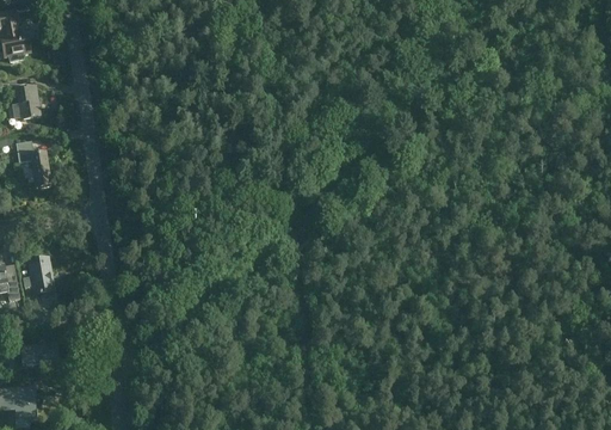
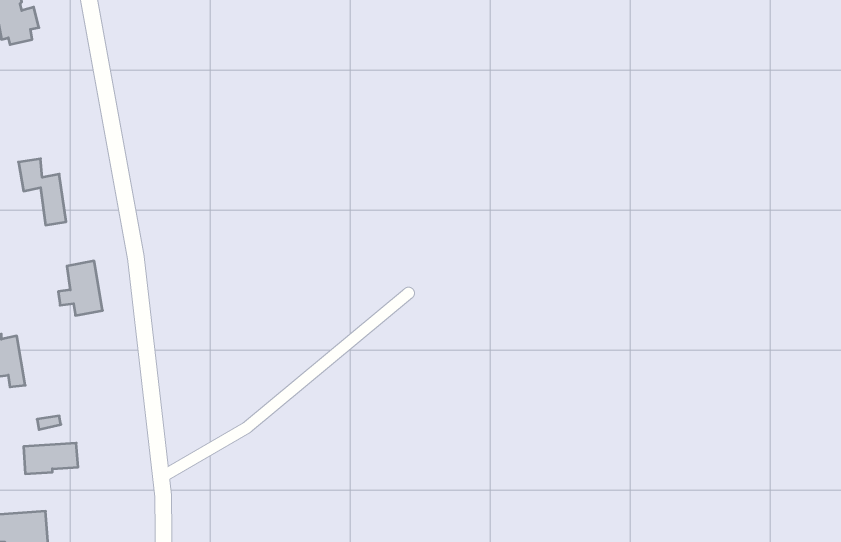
building: [11,84,38,121] -> none
building: [21,256,53,294] -> [58,261,103,315]

